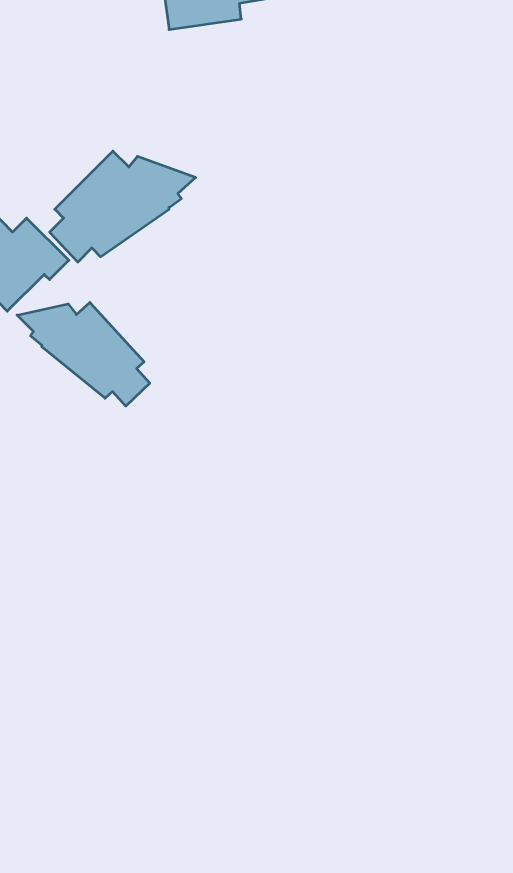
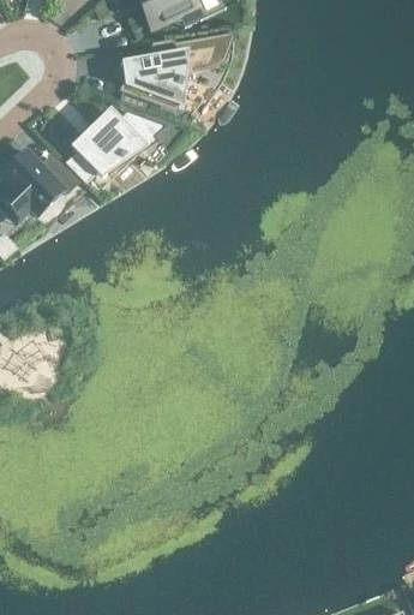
building: none -> [120,49,186,107]
building: [17,302,150,406] -> none

